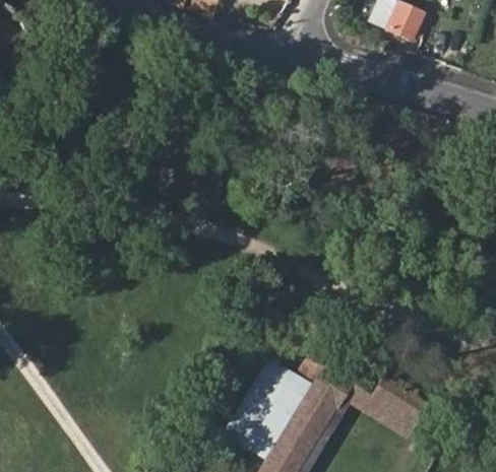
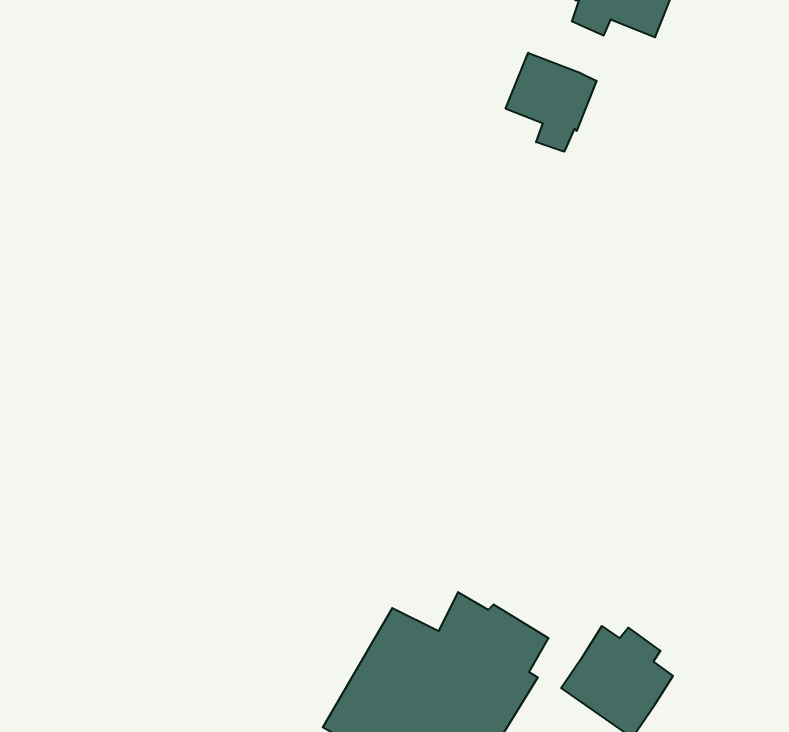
building: none -> [506,53,597,152]

